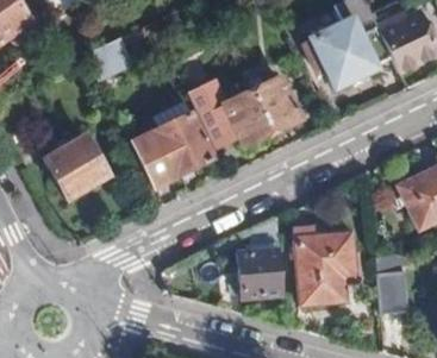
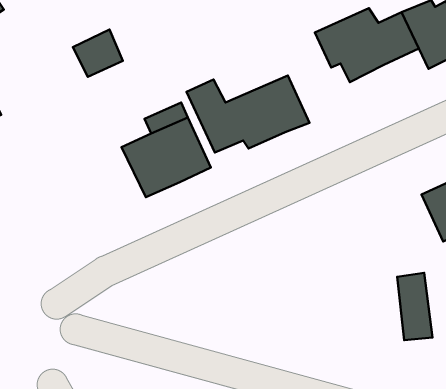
building: [45,137,112,202] -> none
building: [293,231,360,304] -> none
building: [237,247,280,295] -> none

